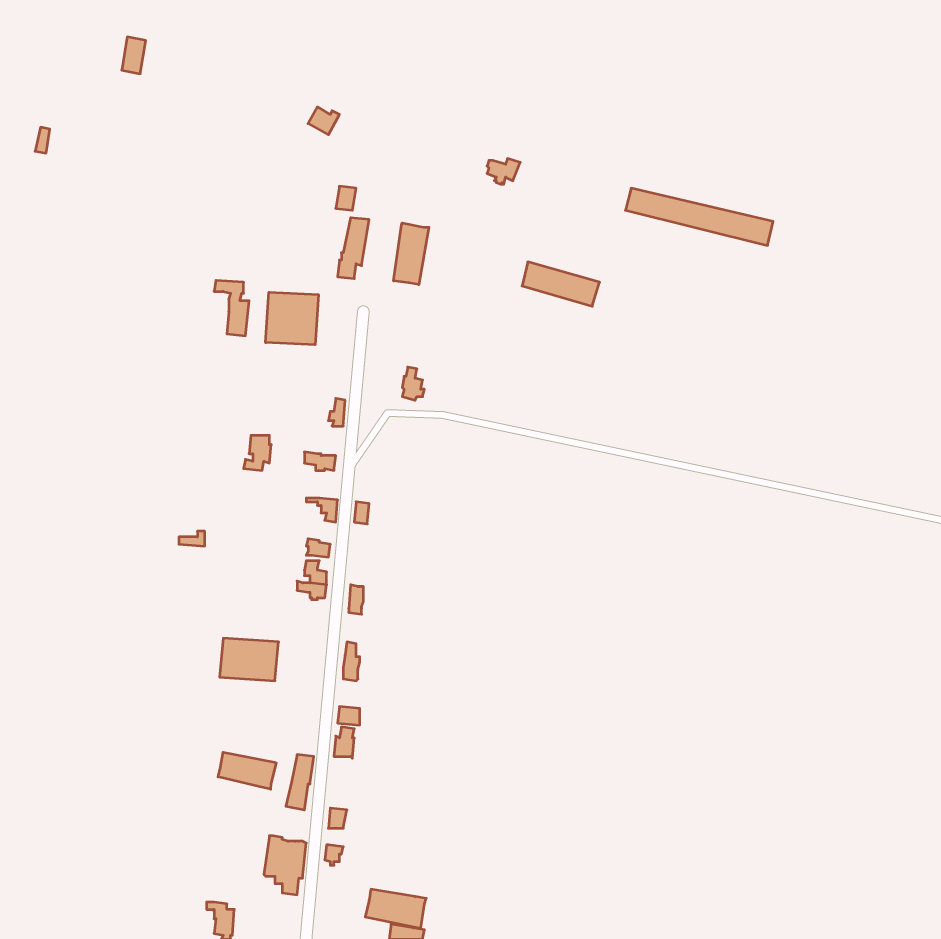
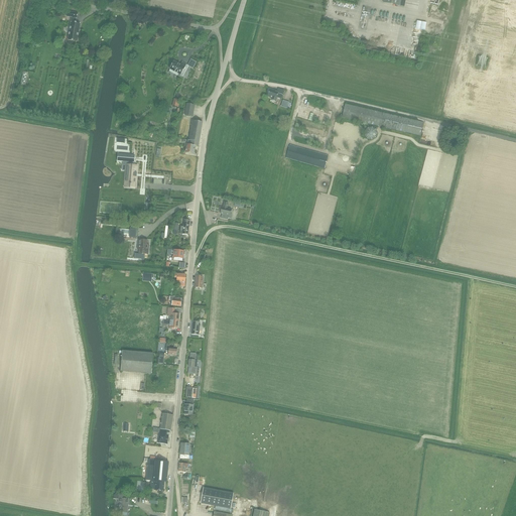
building: [394,223,429,285] -> none
building: [266,292,318,345] -> none
building: [218,752,276,789] -> none

